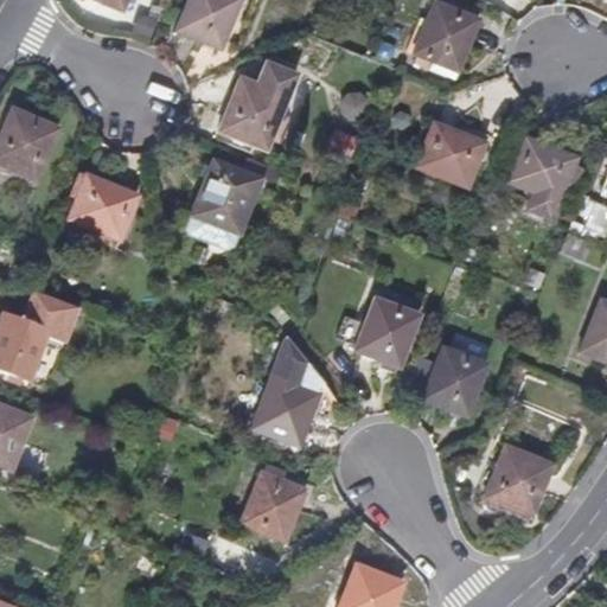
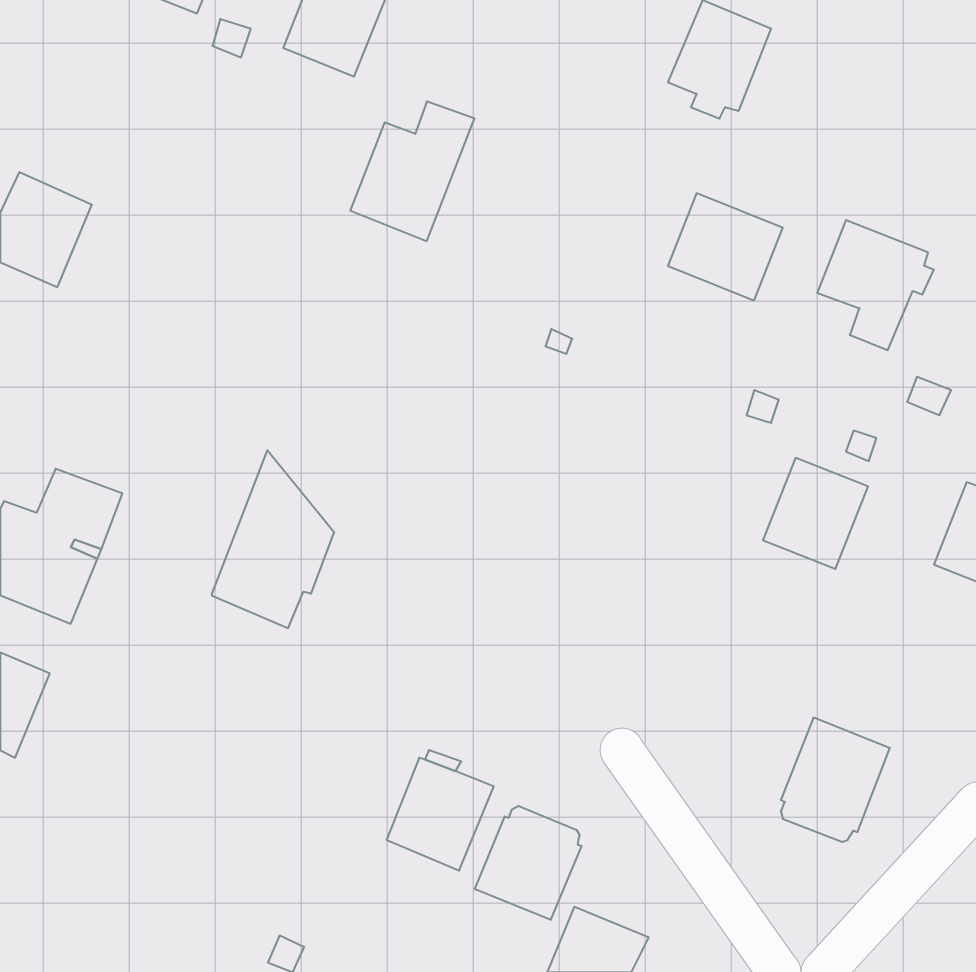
building: [186,159,261,248] -> none
building: [69,173,139,239] -> none
building: [354,296,420,366] -> none
building: [253,334,328,445] -> [212,450,334,628]
building: [422,345,487,414] -> [763,458,868,569]
building: none -> [475,806,582,920]

